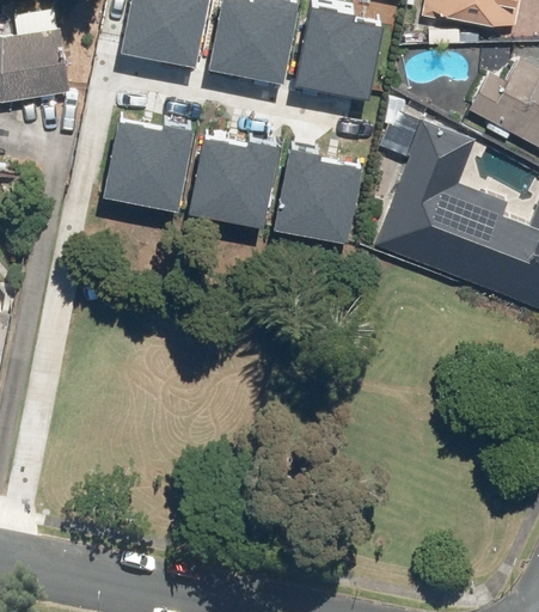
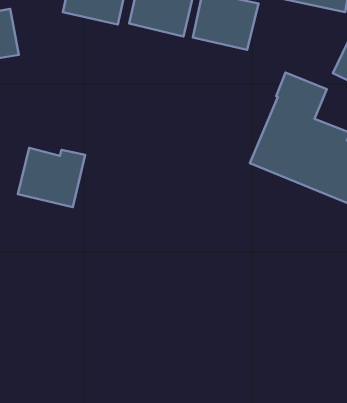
building: [102,116,194,197] -> [18,148,85,207]
building: [189,133,281,214] -> none
building: [275,140,365,228] -> none

